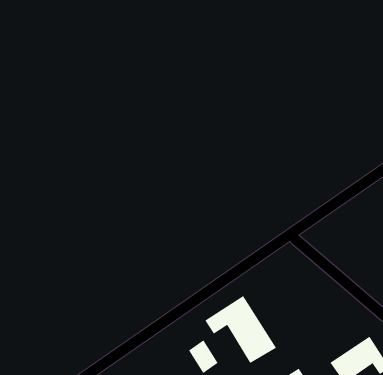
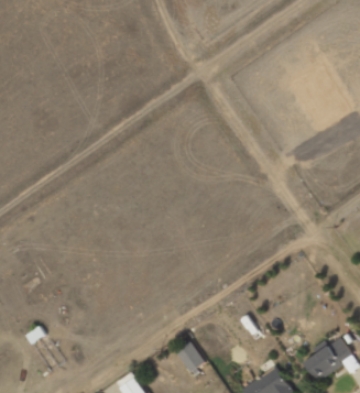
building: [205,295,277,364] -> none

